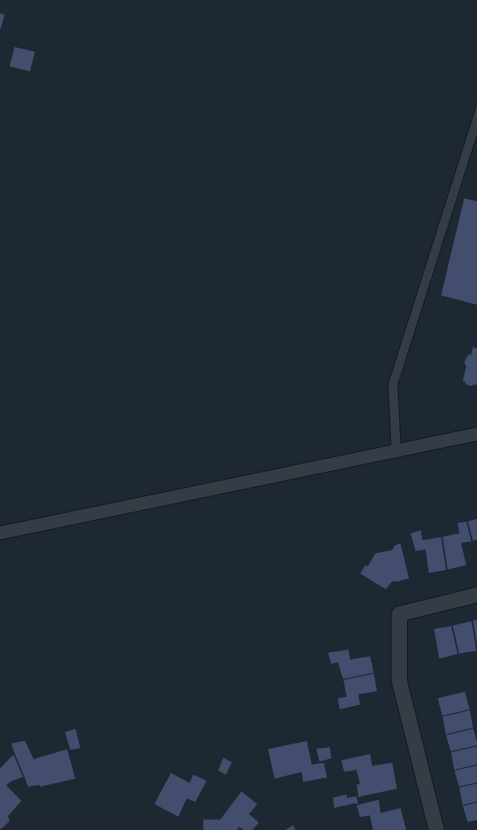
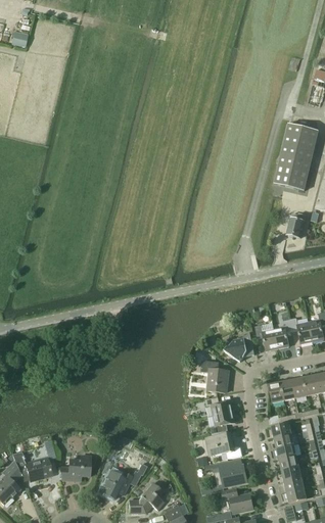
building: none -> [200,360,229,392]
building: [267,741,328,783] -> [205,432,242,458]
building: none -> [58,455,90,480]

